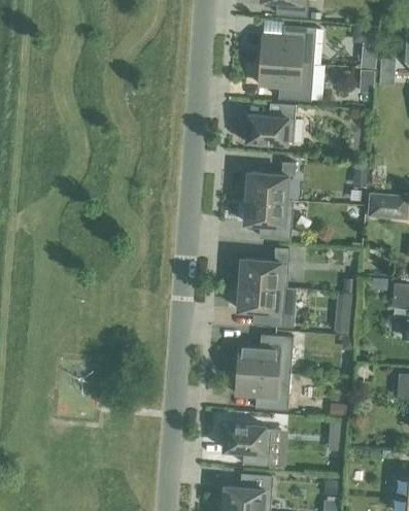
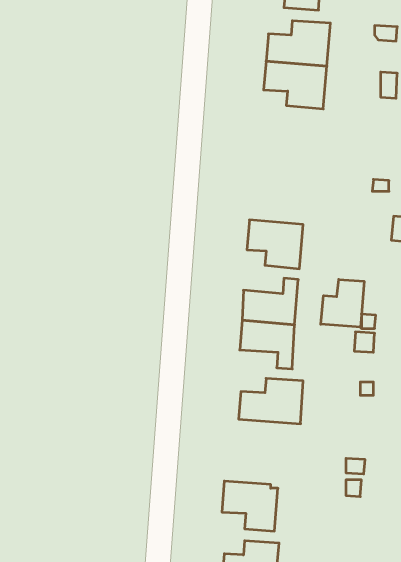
building: [246,103,296,143] -> none
building: [246,162,296,201] -> none
building: none -> [321,279,364,327]
building: [236,369,291,410] -> none

